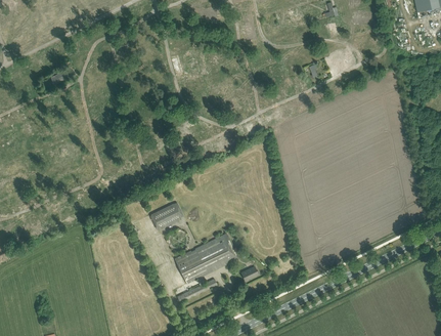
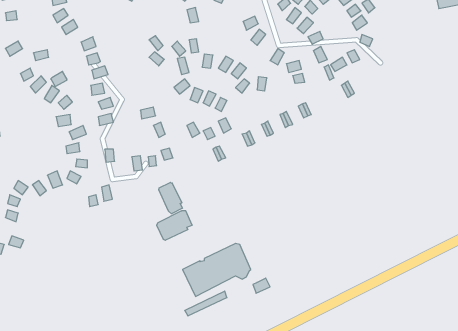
building: none -> [159,182,182,214]

